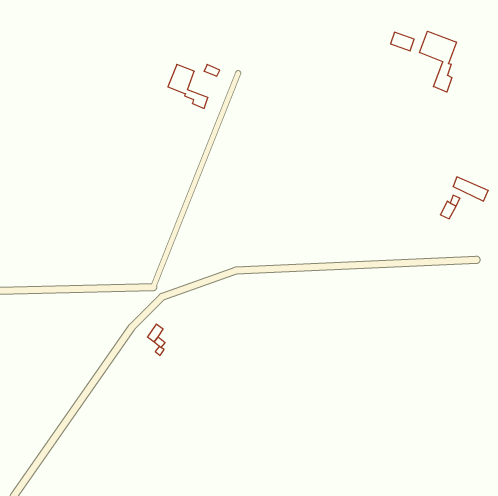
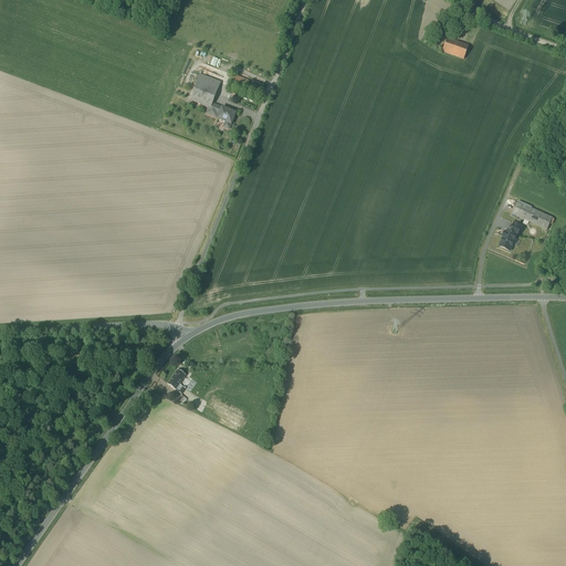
building: [420,31,456,92] -> none

